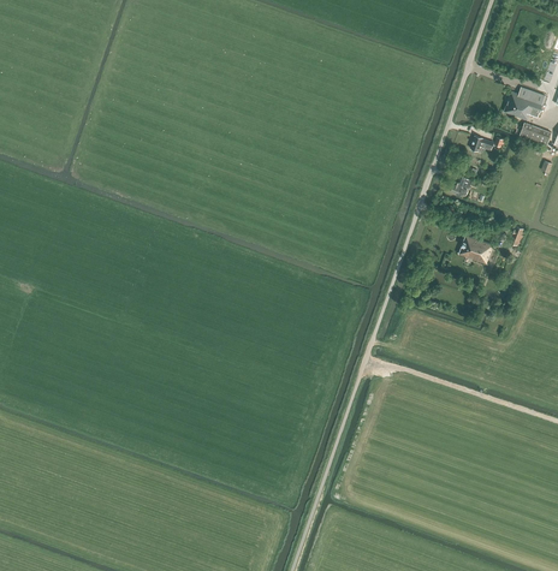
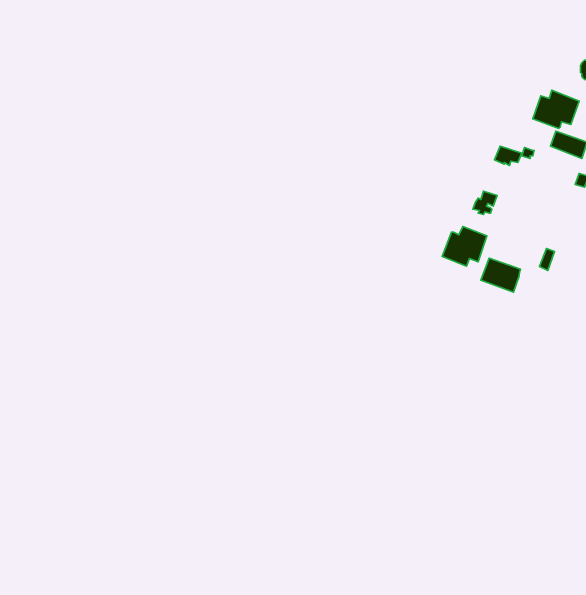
building: none -> [442,226,487,266]

